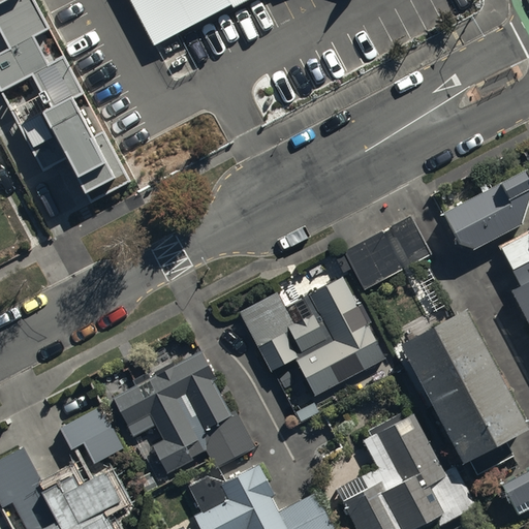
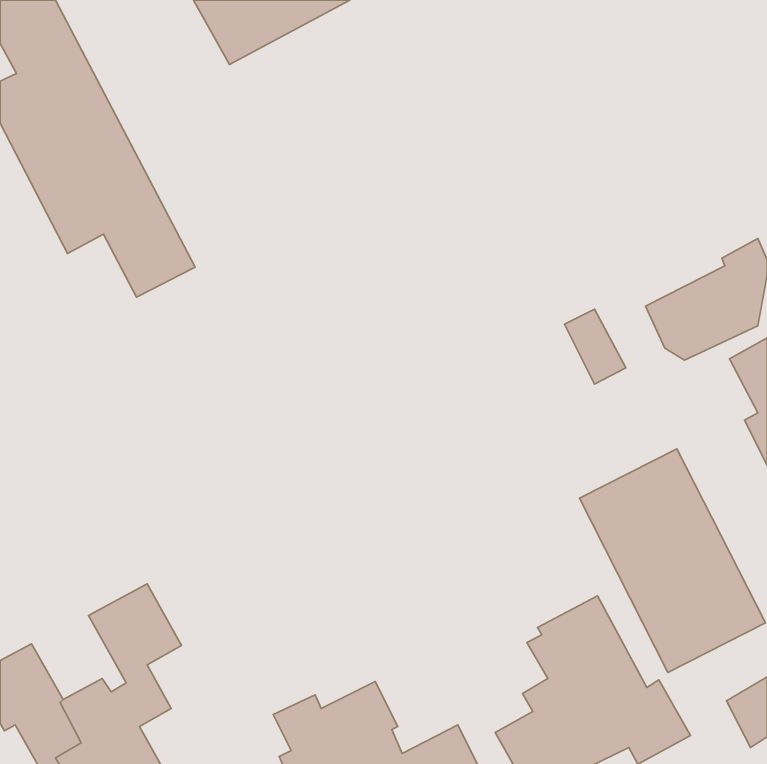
building: [342,228,400,287] -> none
building: [244,274,384,393] -> none
building: [111,366,254,470] -> none

